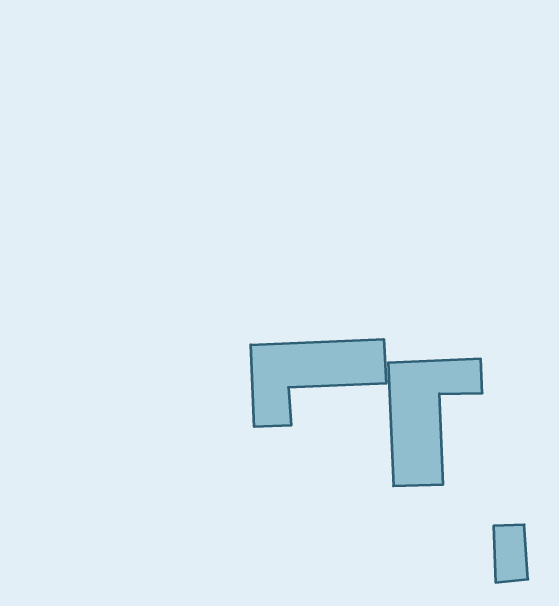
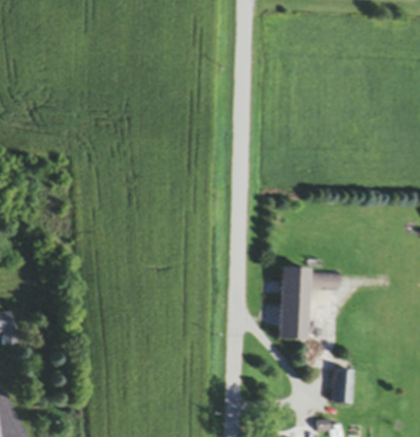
building: [251,339,386,427] -> none

